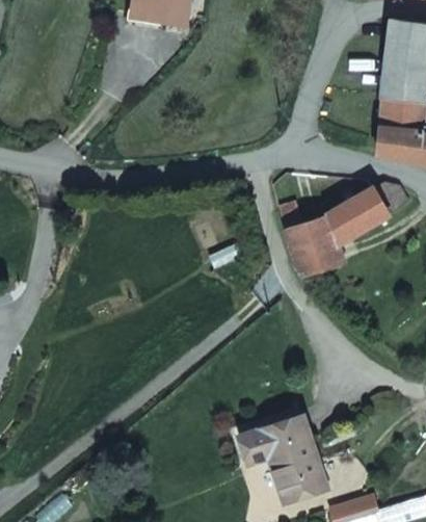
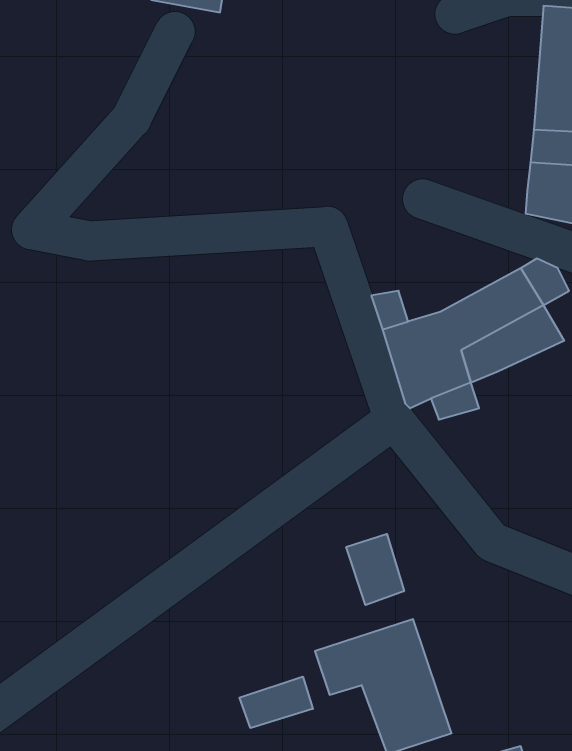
building: none -> [346,534,404,605]
building: none -> [239,677,313,728]

